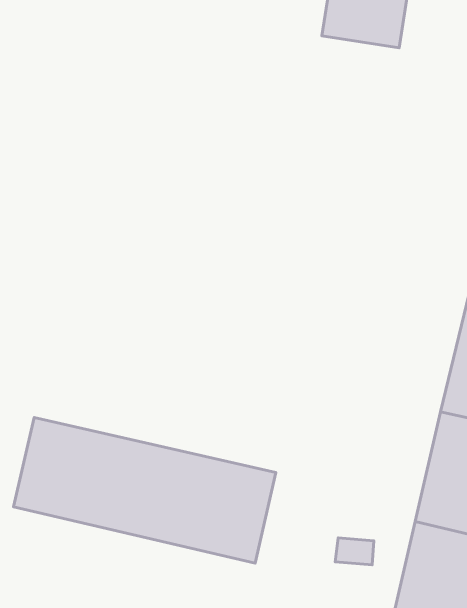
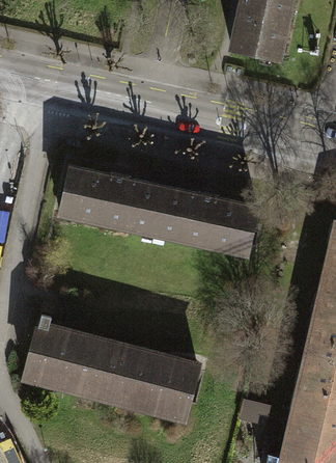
building: none -> [53,163,258,254]

